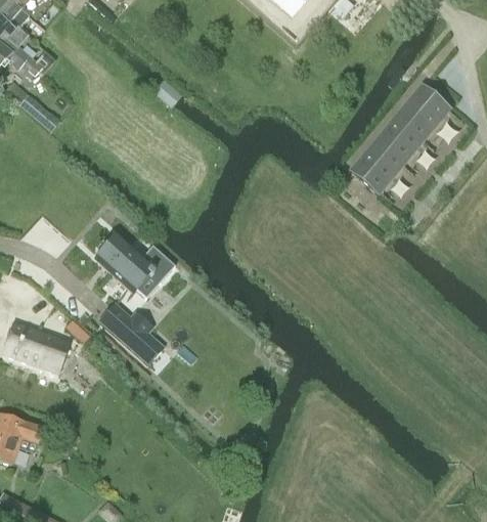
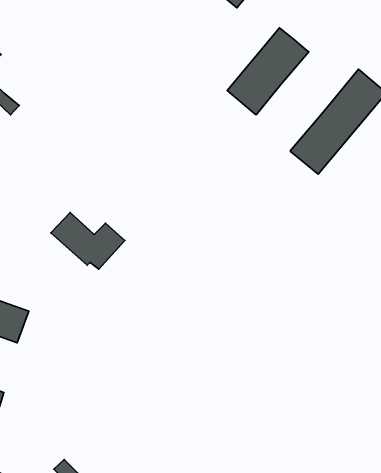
building: none -> [227,28,309,115]
building: [98,301,163,362] -> none

